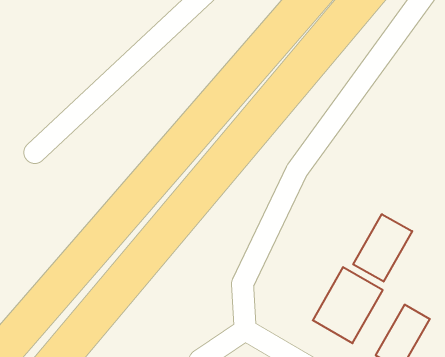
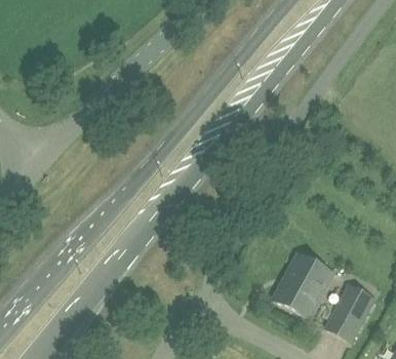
building: [353,214,412,282] -> none

